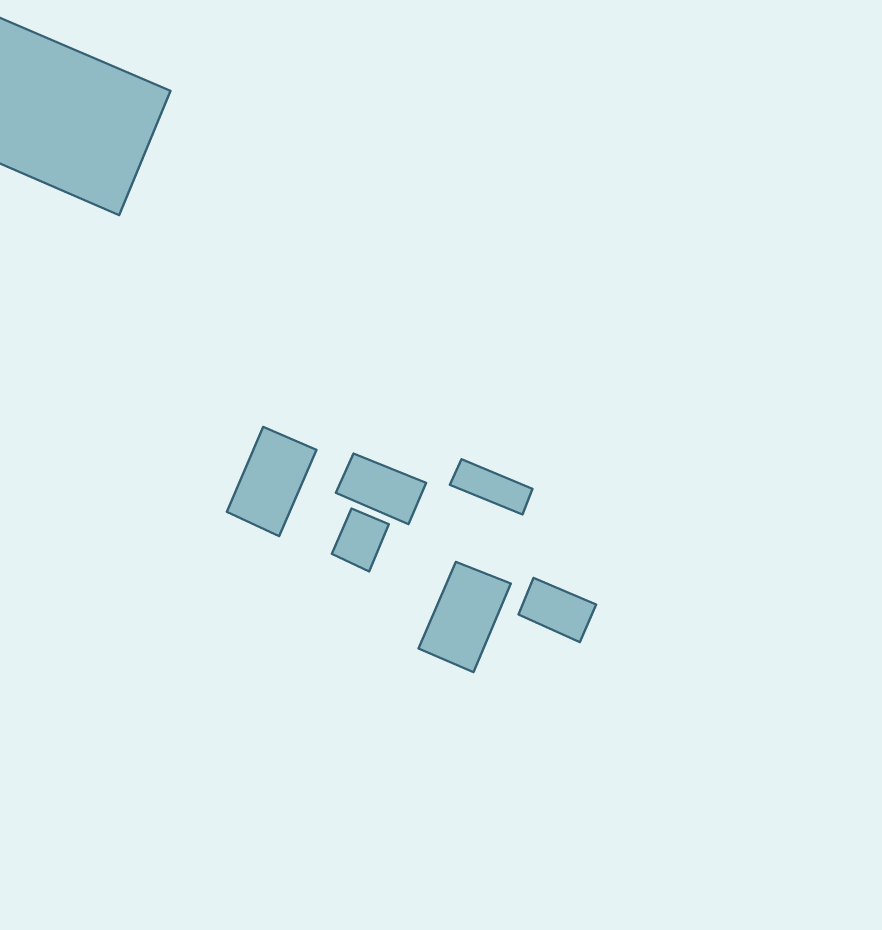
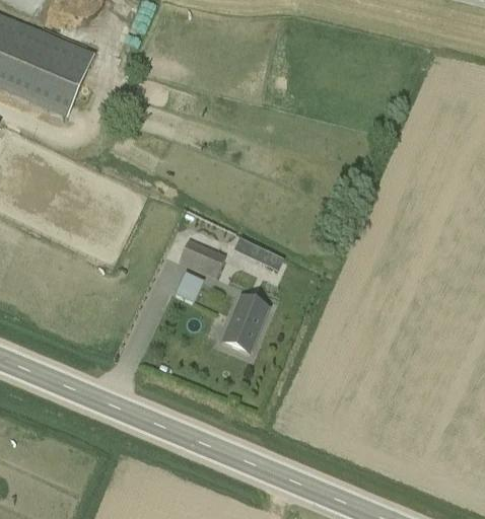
building: [227,427,317,536] -> none
building: [519,578,596,642] -> none

